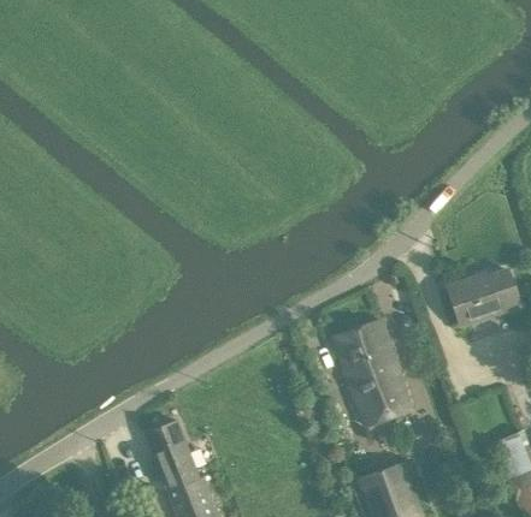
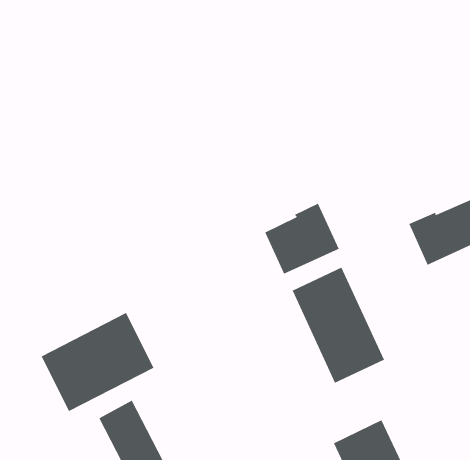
building: none -> [264,203,340,275]
building: none -> [41,312,154,412]

